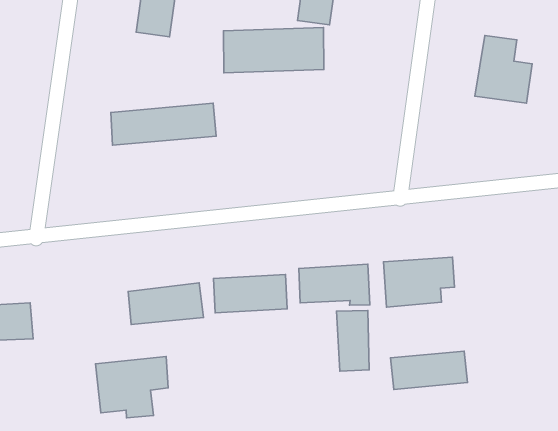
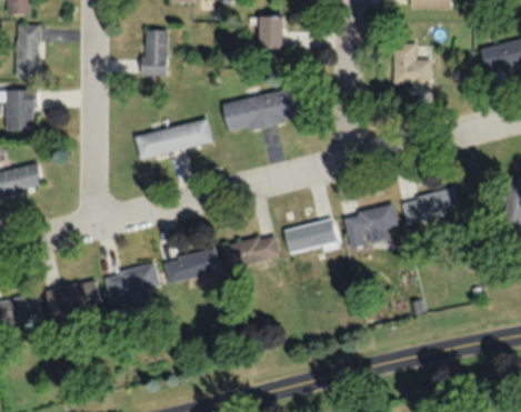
building: [224,28,324,73] -> [221,90,297,132]
building: [337,311,369,371] -> none
building: [390,351,468,389] -> [401,189,459,223]
building: [95,357,168,418] -> [104,264,159,312]

